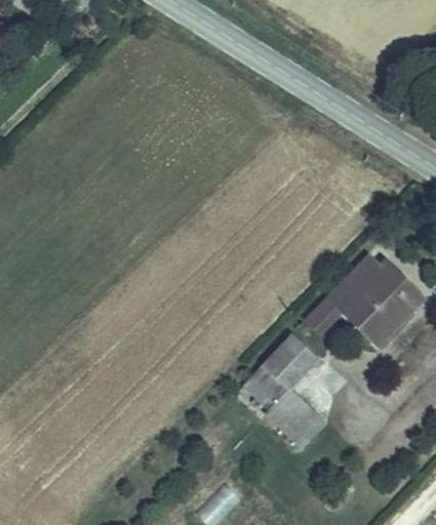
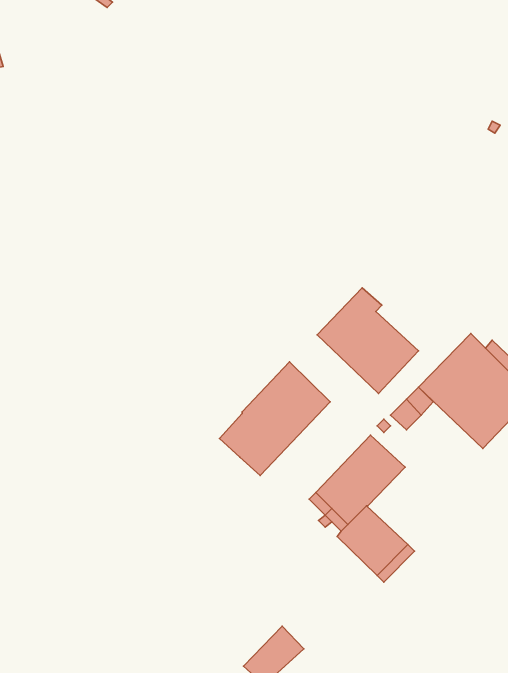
building: none -> [317,288,418,394]
building: none -> [219,362,330,475]

